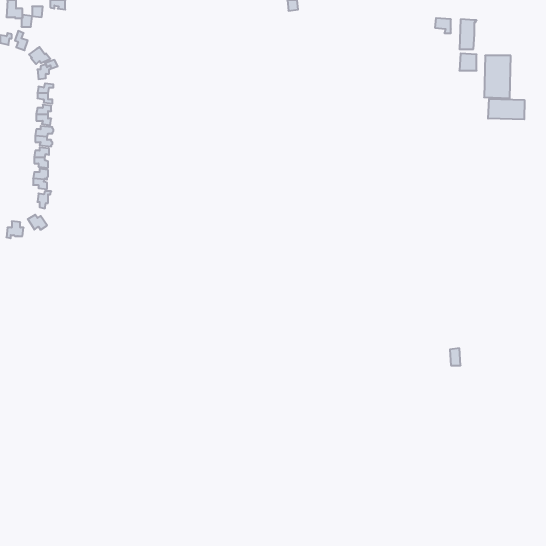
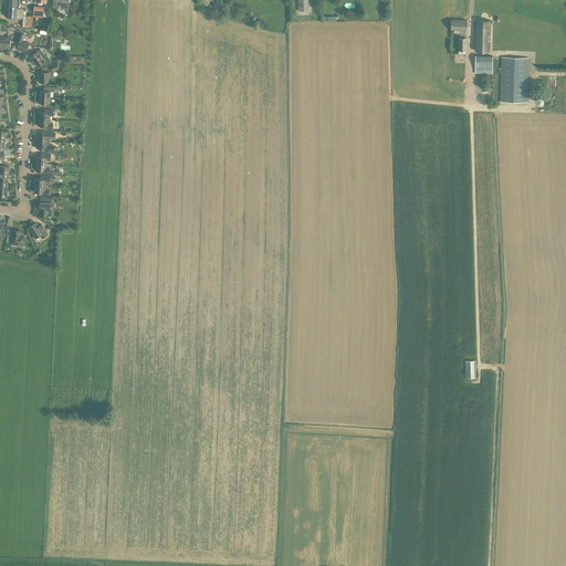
building: [488,99,524,119] -> none

